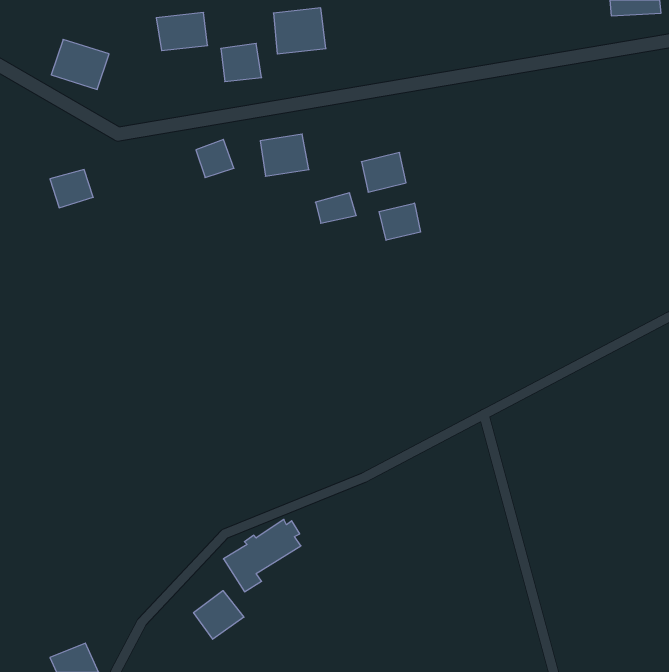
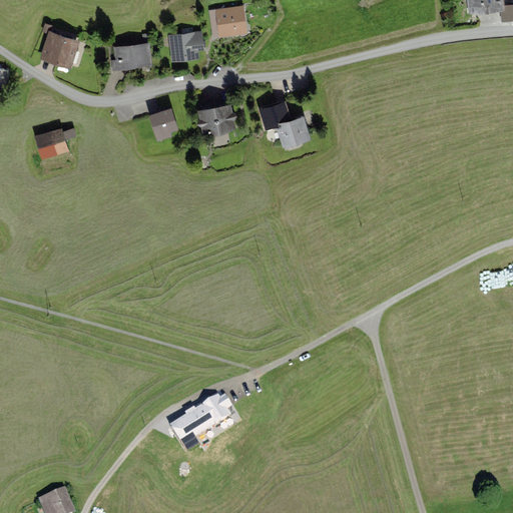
building: [156,13,208,51] -> [112,43,151,72]
building: [315,193,356,223] -> [259,100,290,123]
building: [379,203,420,240] -> none
building: [194,591,244,639] -> none

